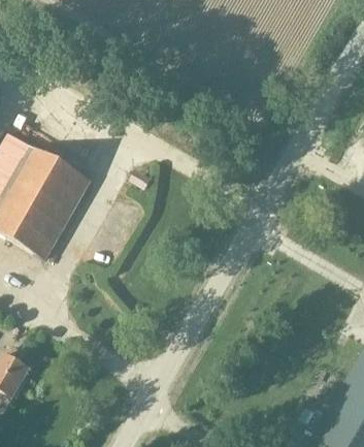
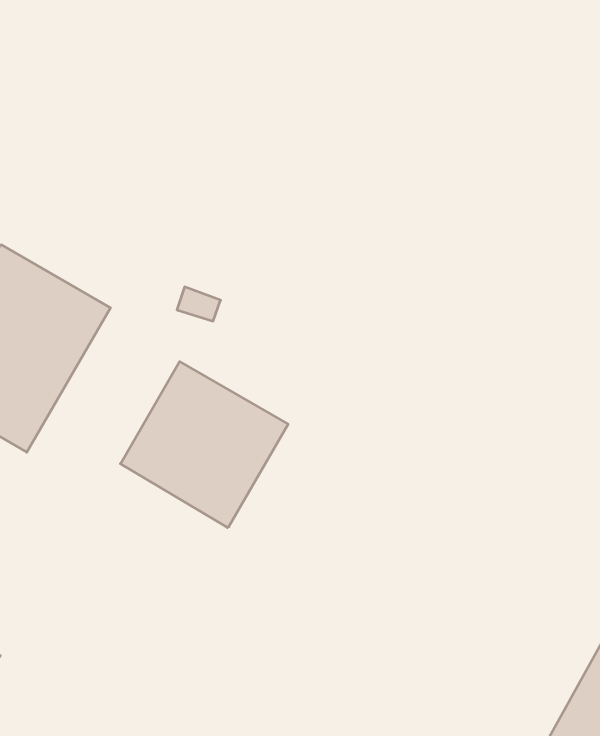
building: none -> [120,362,288,528]

